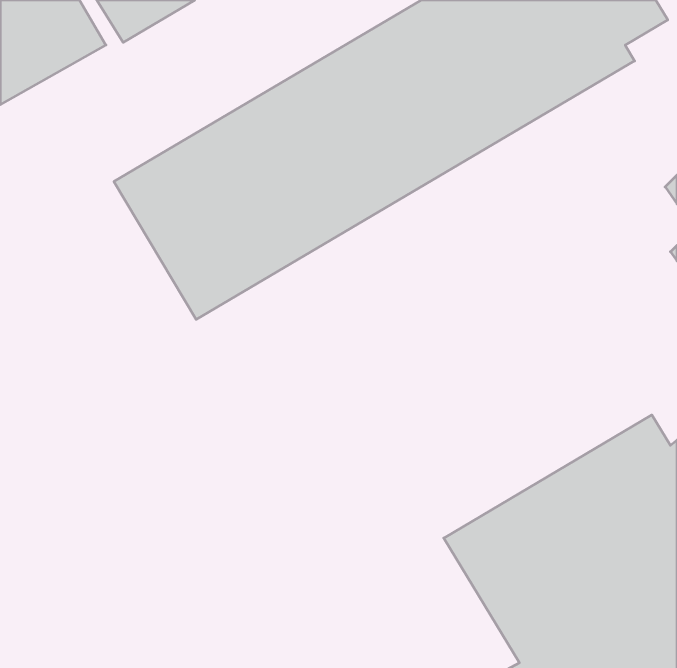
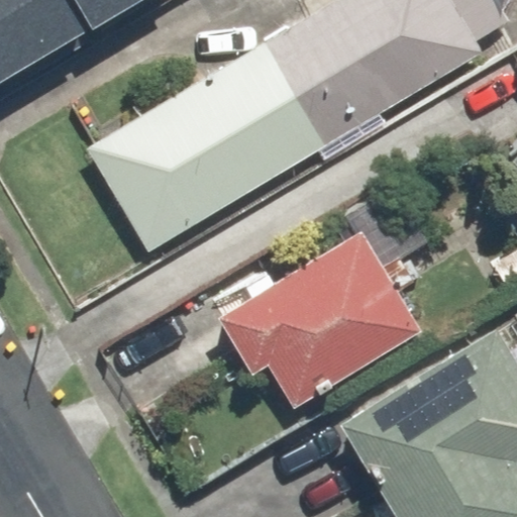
building: none -> [213,227,422,406]

